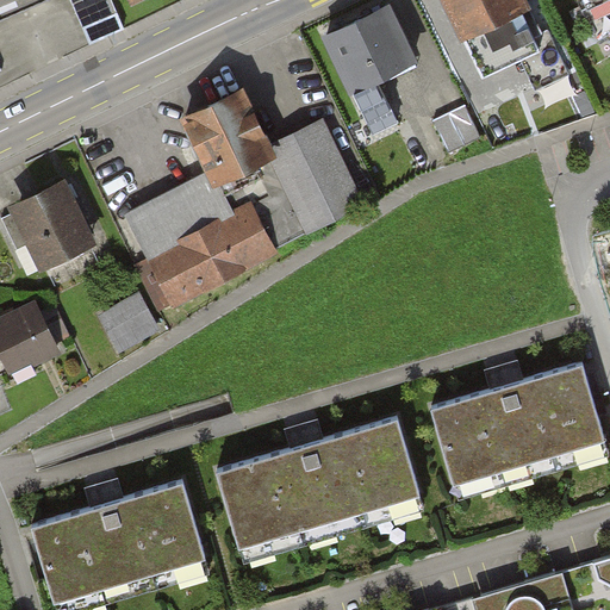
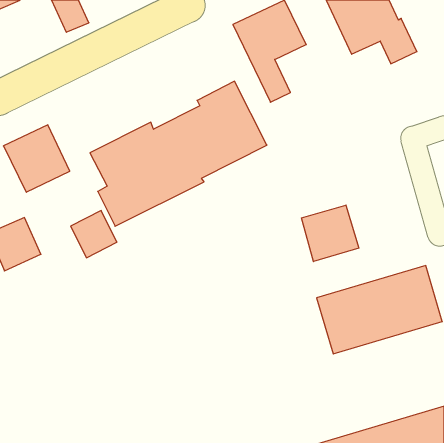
building: [176,82,273,181] -> none
building: [432,108,480,155] -> none
building: none -> [301,205,359,262]
building: [217,421,419,549] -> none
building: [38,484,205,603] -> none

